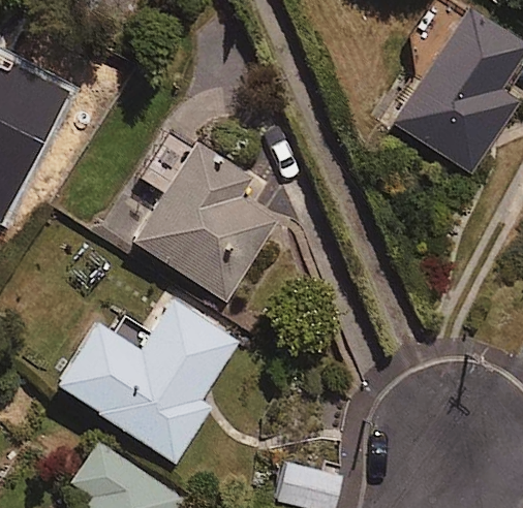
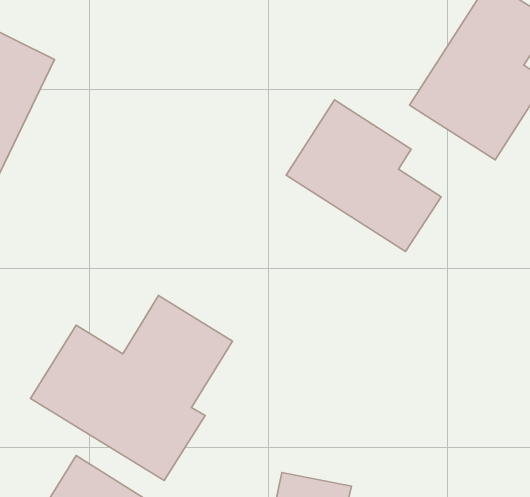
building: none -> [286,100,441,252]
building: [136,145,276,296] -> none

